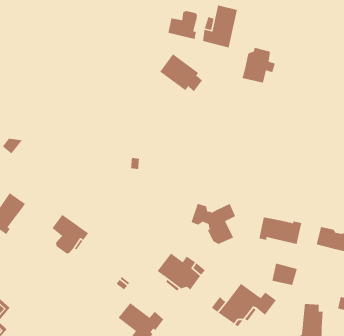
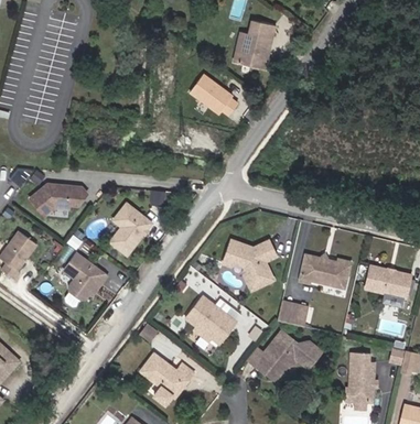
building: [167,10,198,40] -> none
building: [242,47,276,83] -> none
building: none -> [29,181,86,213]
building: none -> [111,203,152,253]
building: [272,263,298,286] -> [277,300,306,326]

